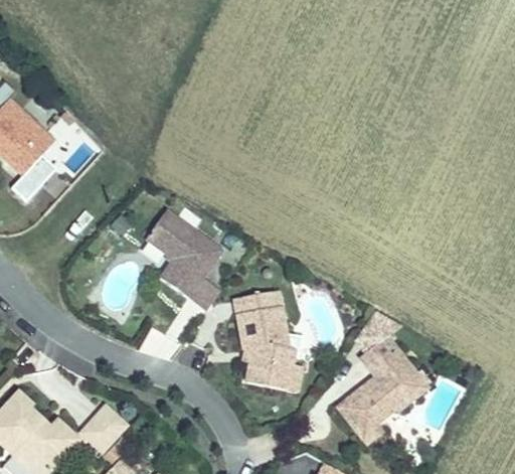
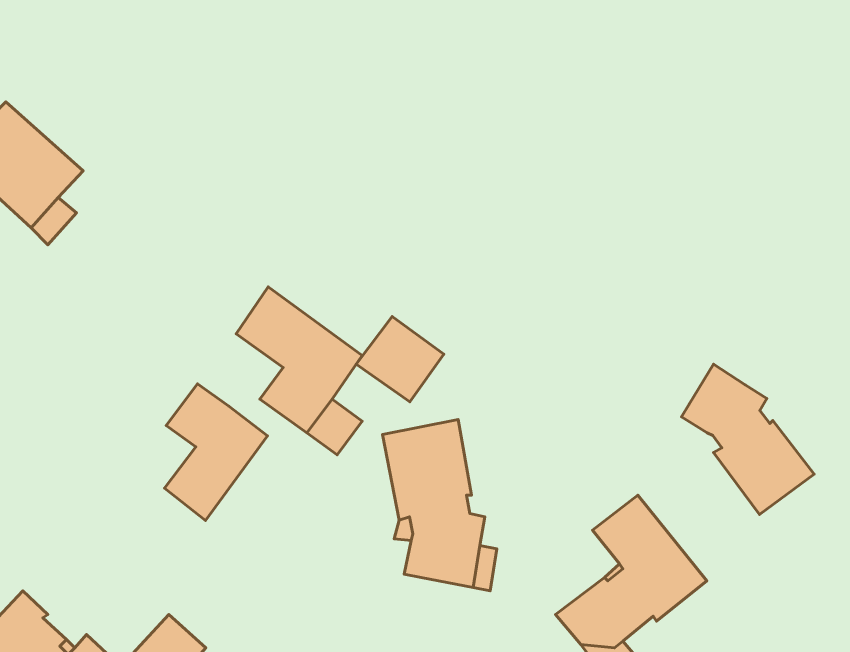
building: none -> [356,317,444,402]
building: none -> [681,364,814,514]
building: none -> [164,384,267,521]

